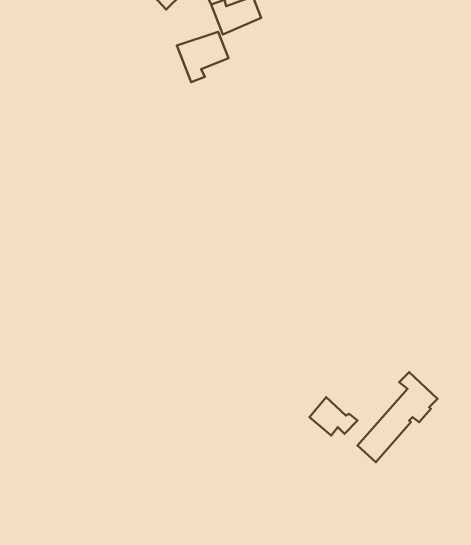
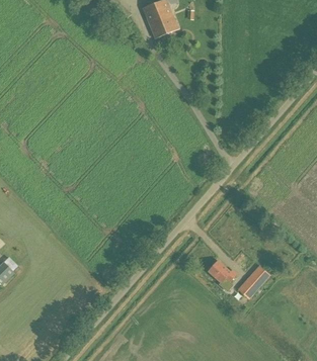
building: [177,32,229,82] -> none

